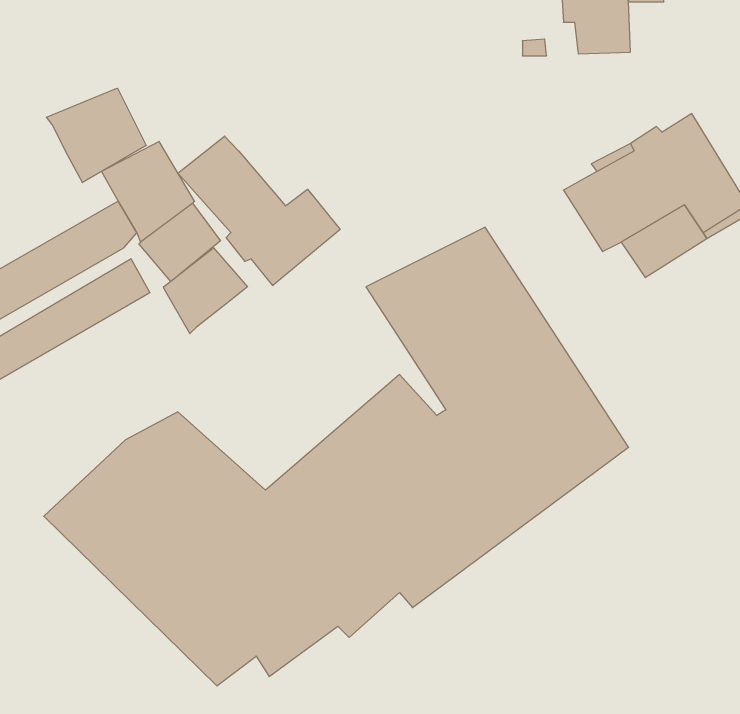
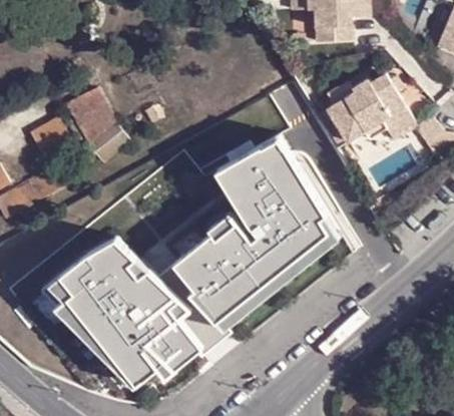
building: [46,88,146,183] -> none
building: [178,136,340,286] -> none
building: [163,248,247,334] -> none

